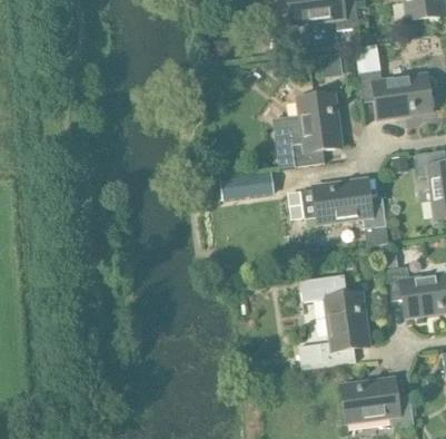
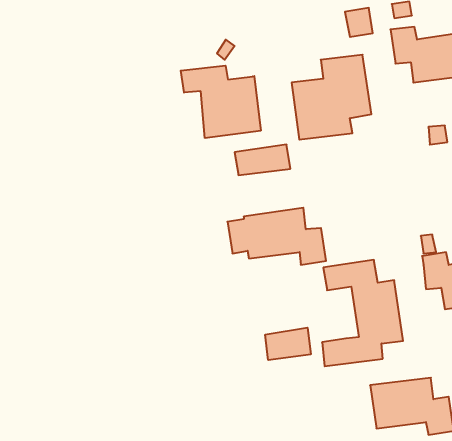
building: none -> [181,66,261,138]
building: [300,178,387,228] -> [227,208,326,265]
building: none -> [265,328,311,360]

